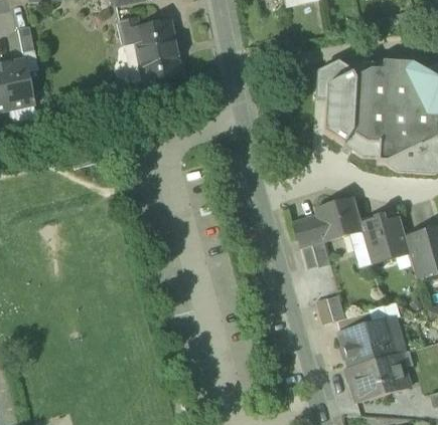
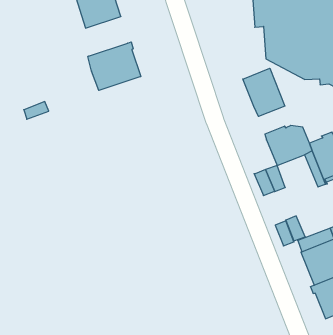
building: none -> [88,42,141,90]
building: none -> [243,68,285,116]
building: [293,213,324,246] -> none

